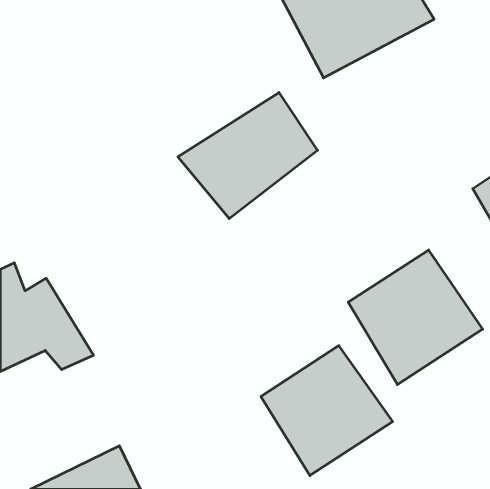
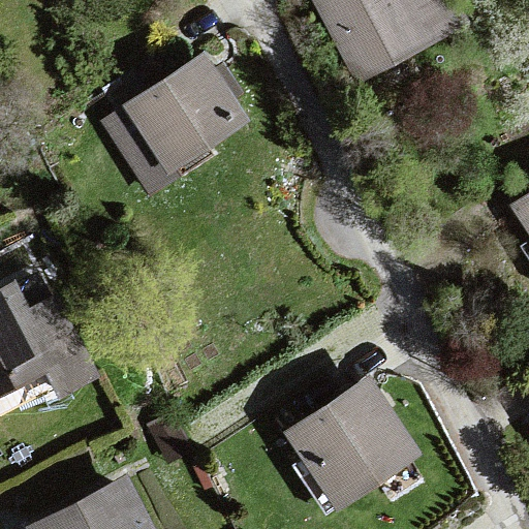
building: [178,92,318,219] -> [96,57,246,192]
building: [348,250,483,385] -> none

